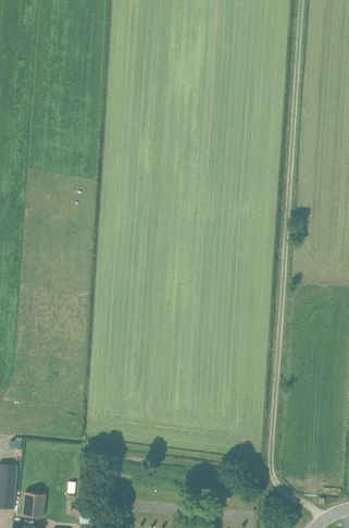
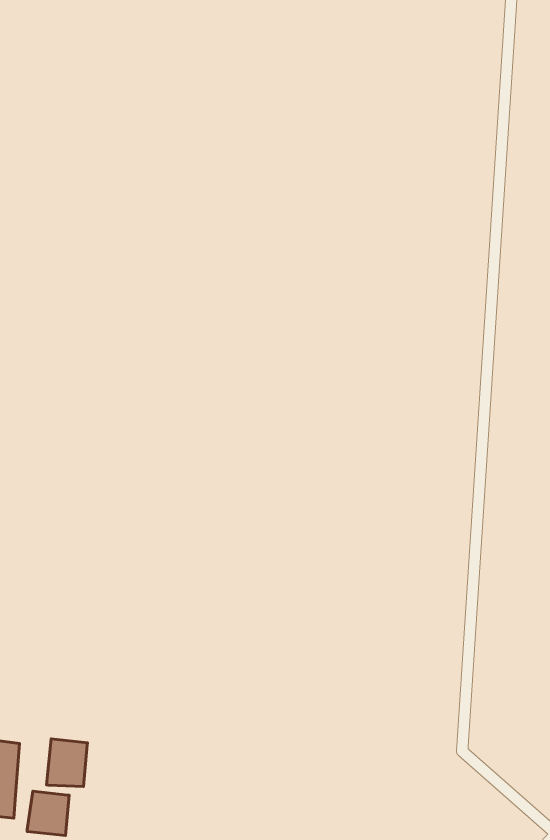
building: none -> [47,739,88,786]

